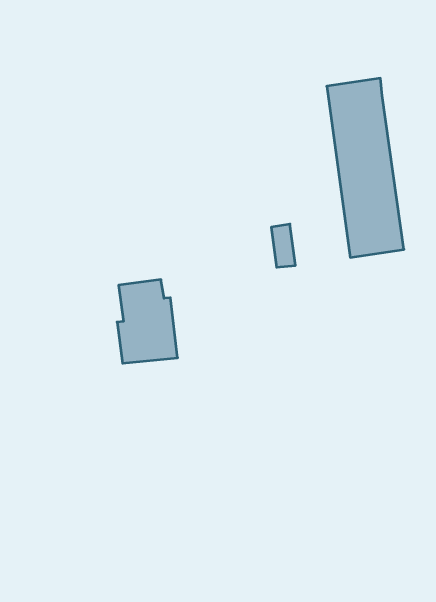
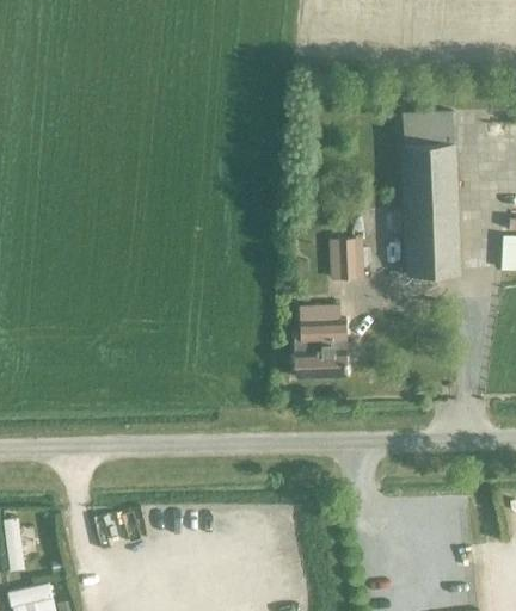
building: [117,280,178,363] -> [294,302,348,377]

